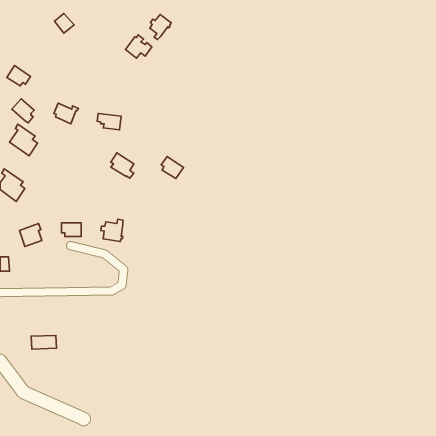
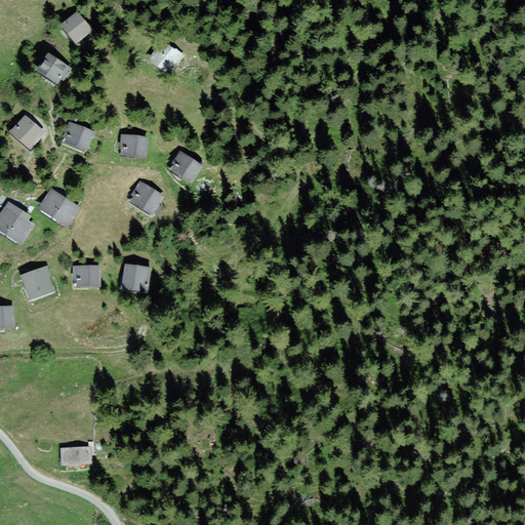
building: [150,15,171,40] -> none
building: [7,66,31,86] -> [40,56,69,81]
building: [9,124,38,156] -> [42,187,76,225]
building: [161,156,184,179] -> [173,154,200,180]
building: [31,335,57,349] -> [60,448,91,465]

